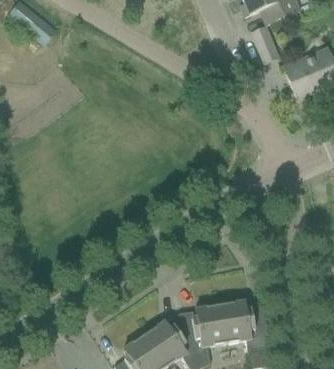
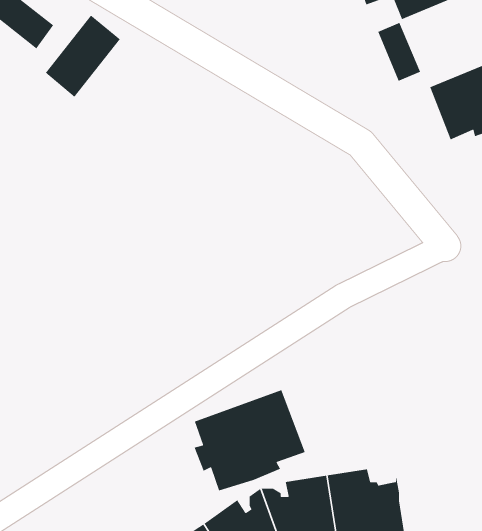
building: none -> [45,14,121,98]
building: none -> [194,389,306,491]

